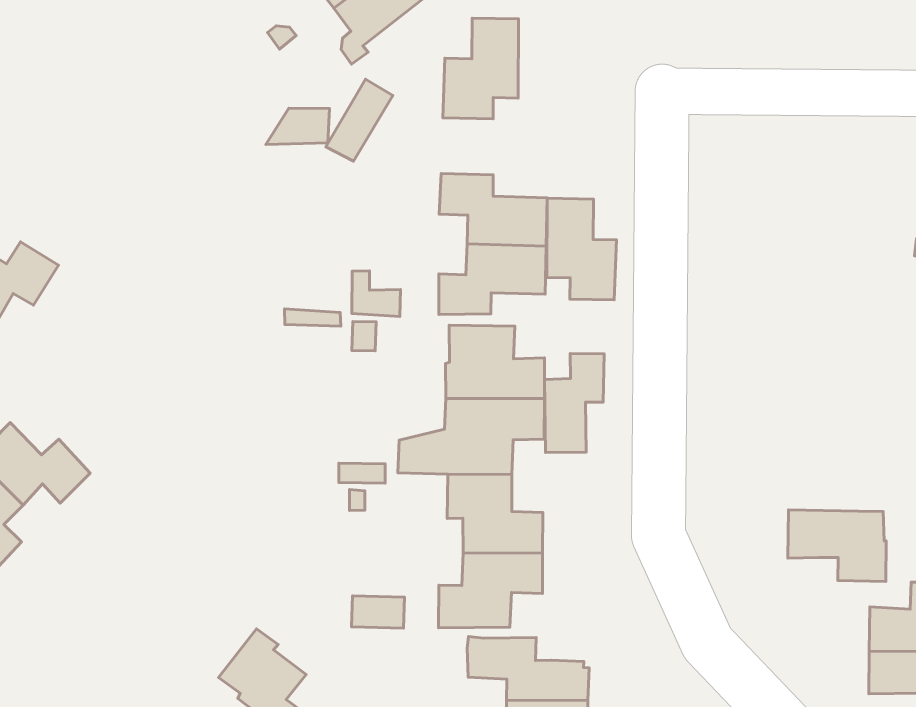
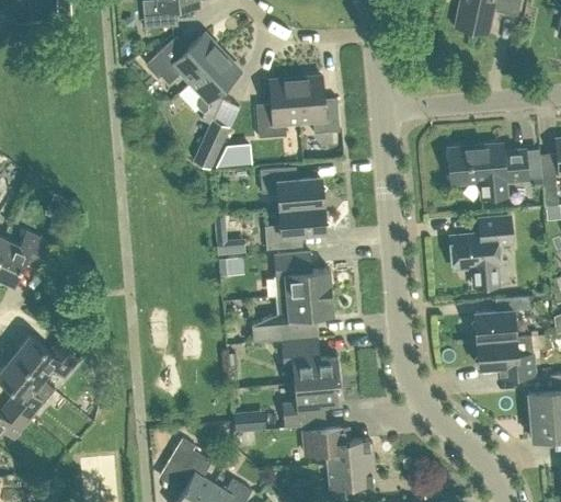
building: [266,108,330,145] -> [216,144,251,168]
building: none -> [448,144,528,198]
building: [547,198,616,300] -> [296,76,340,134]
building: none -> [451,216,512,288]
building: [545,354,604,453] -> none
building: none -> [474,296,529,341]

